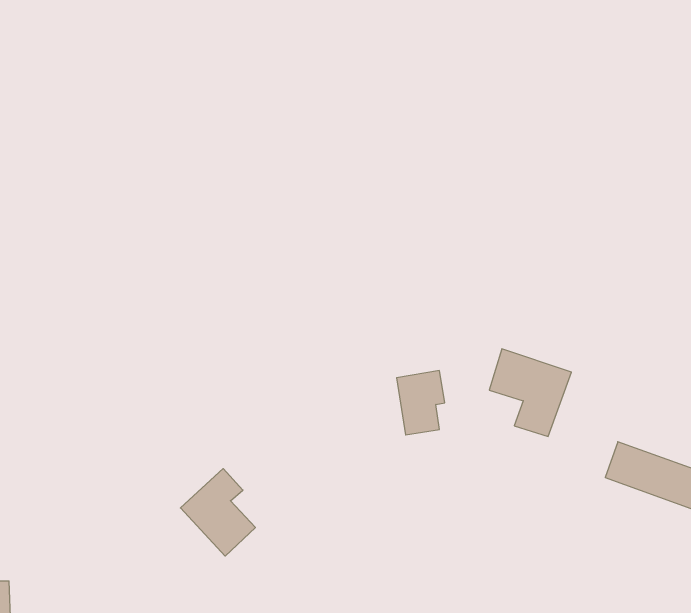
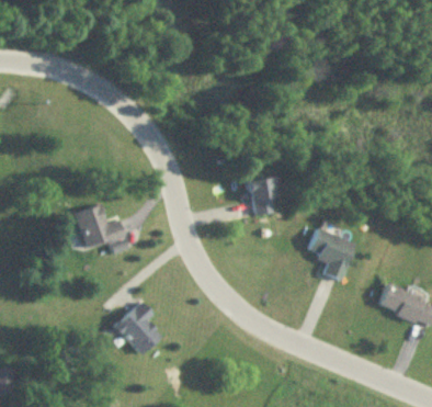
building: none -> [75,204,125,248]
building: [397,371,445,435] -> [248,177,277,216]

